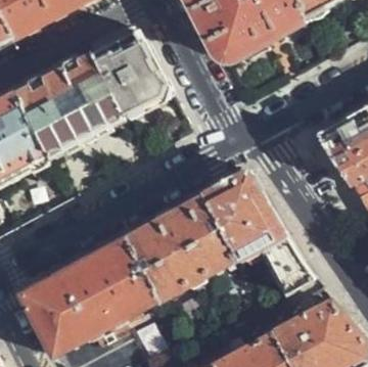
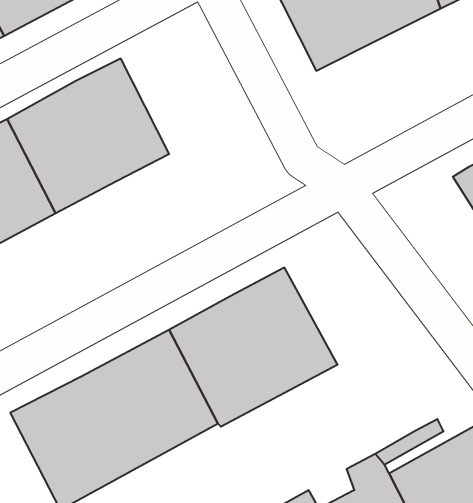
building: [93,30,168,117] -> none
building: [203,170,314,294] -> none

